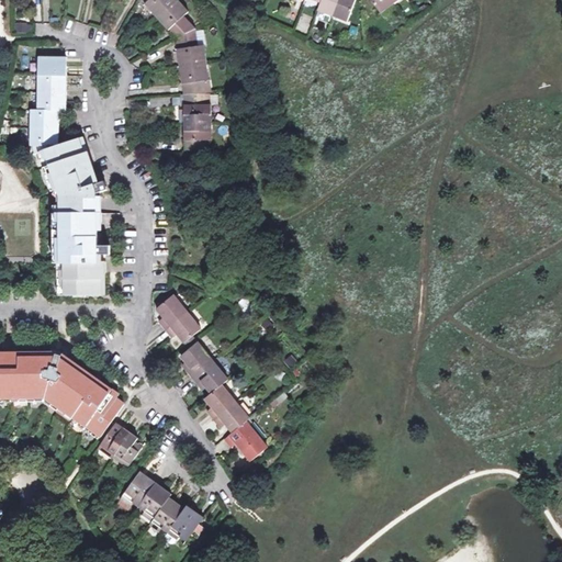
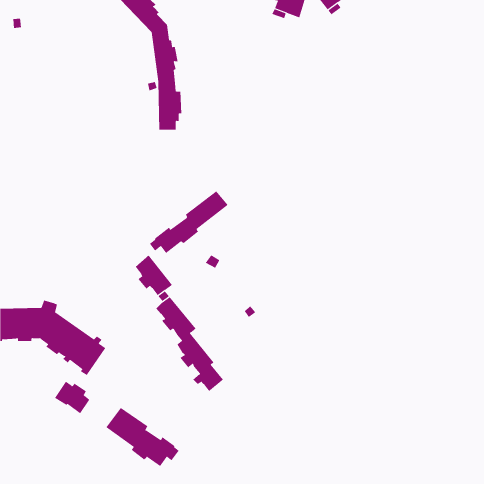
building: [31,56,109,294] -> none
building: none -> [149,191,228,254]
building: [100,424,142,462] -> [54,381,90,414]

